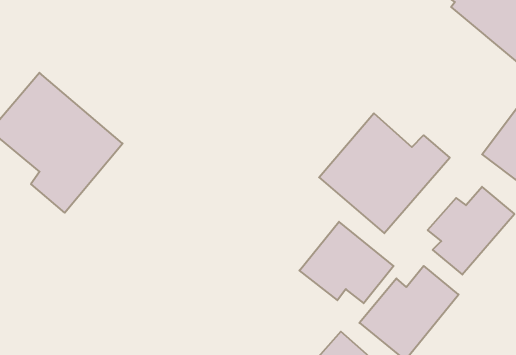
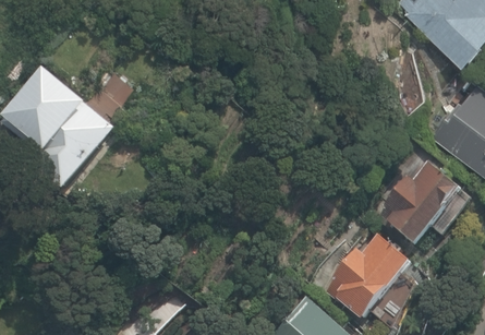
building: [319,113,450,233] -> none
building: [299,222,394,303] -> none

